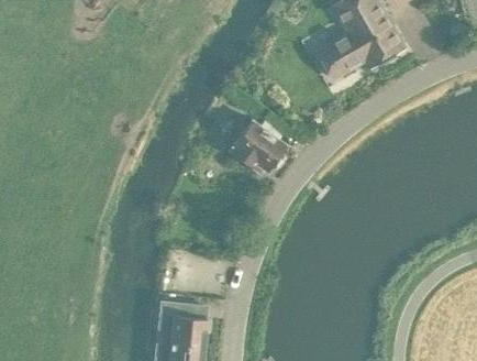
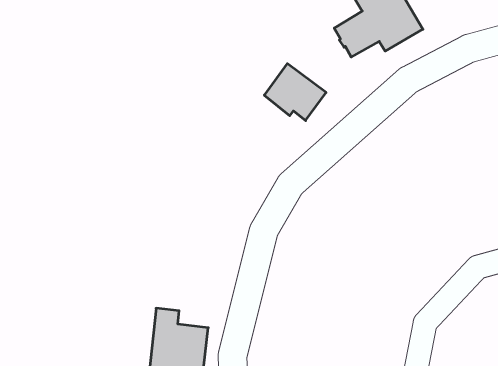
building: [230,121,286,173] -> [264,64,326,121]

